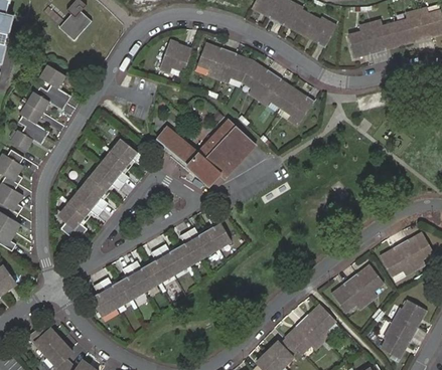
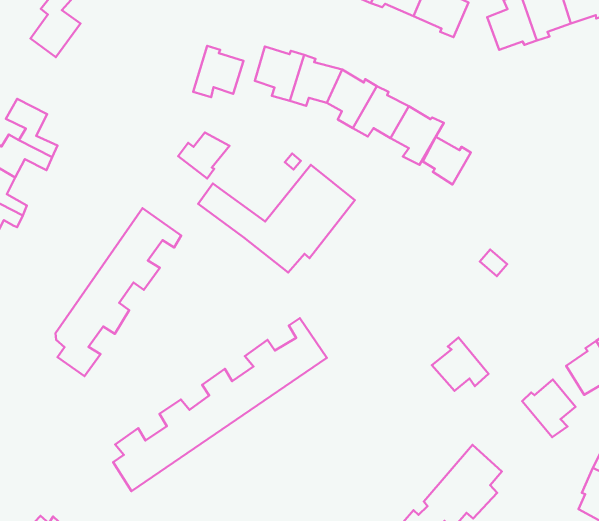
building: none -> [178,132,230,179]
building: none -> [423,137,471,184]
building: [332,278,367,311] -> [432,338,488,391]

